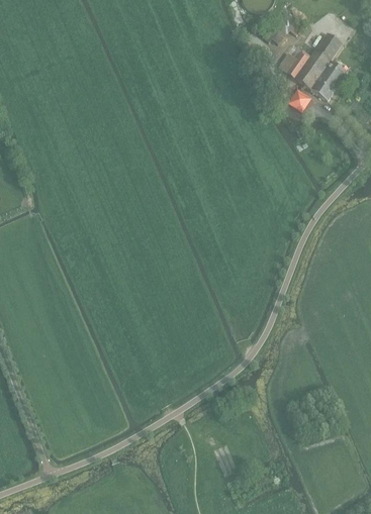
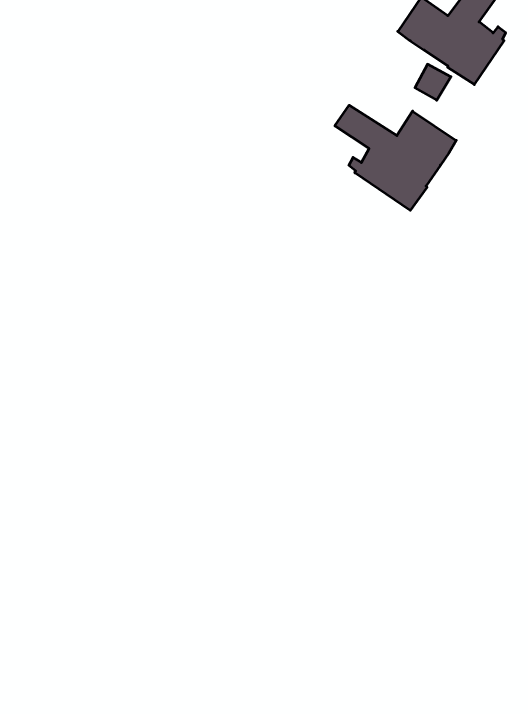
building: none -> [335,105,456,210]

